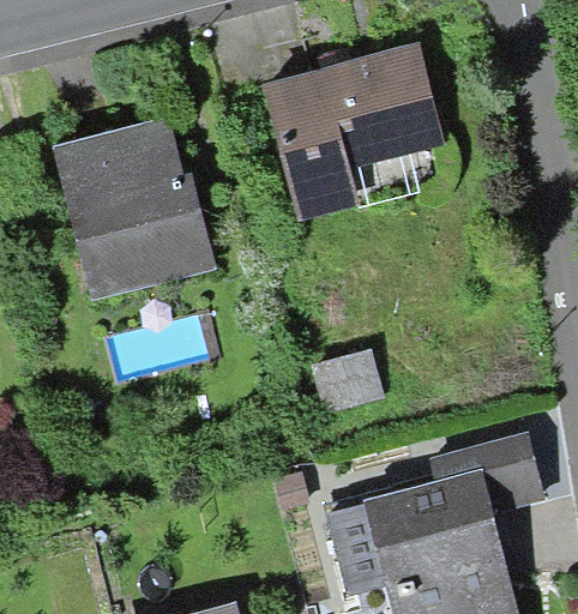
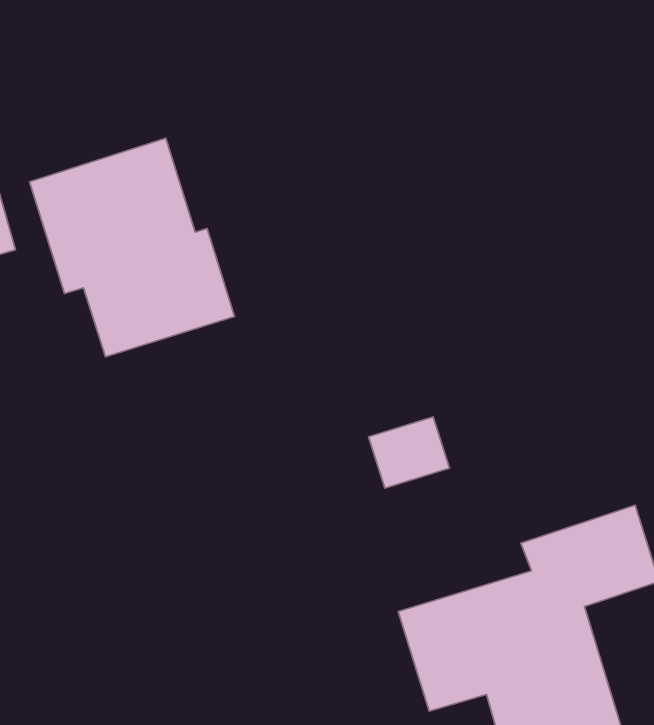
building: [267,49,439,212] -> none

